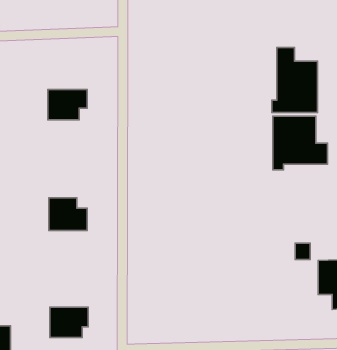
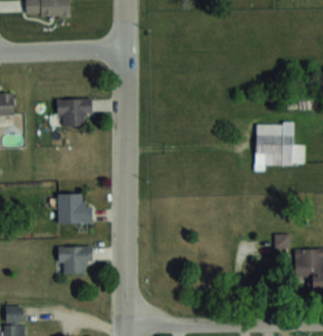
building: [272,47,317,112] -> none
building: [50,307,88,337] -> [58,247,92,274]

